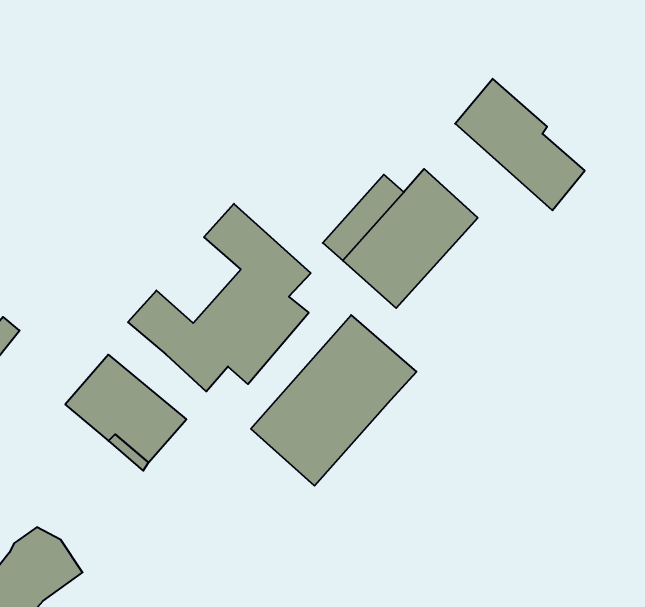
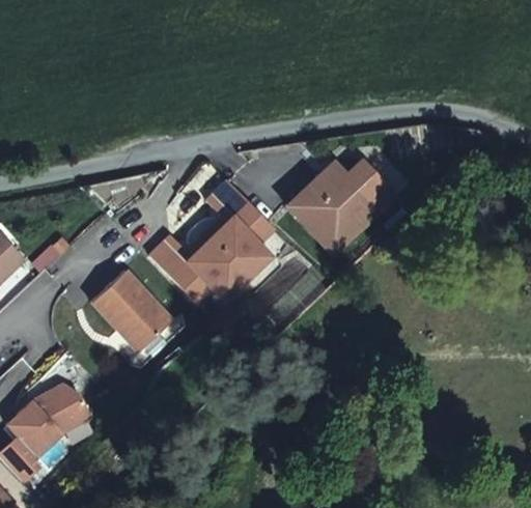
building: [455,79,585,210] -> none
building: [251,315,416,486] -> none

